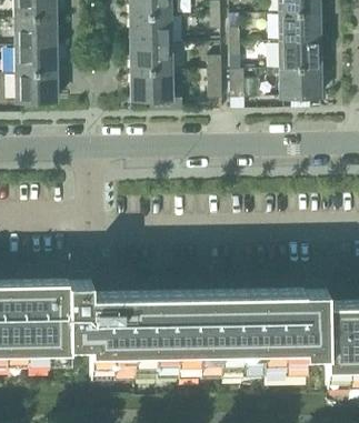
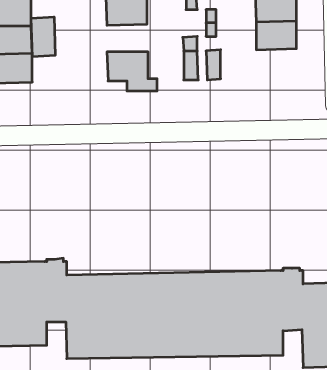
building: none -> [31,17,55,57]
building: [131,43,172,71] -> none
building: [280,68,321,97] -> none

